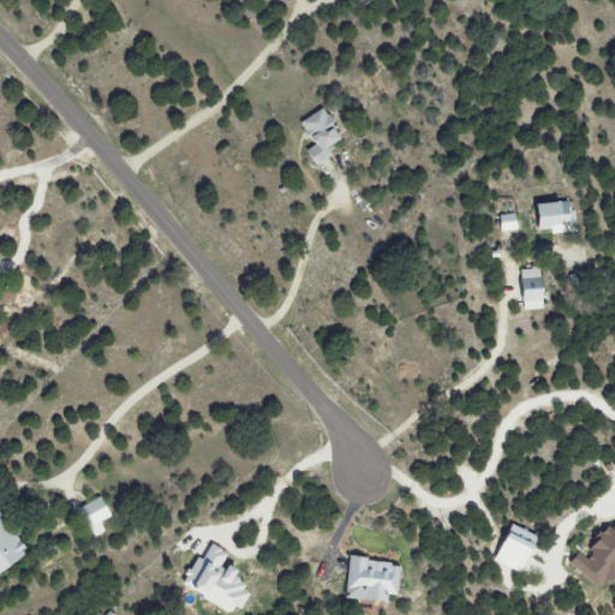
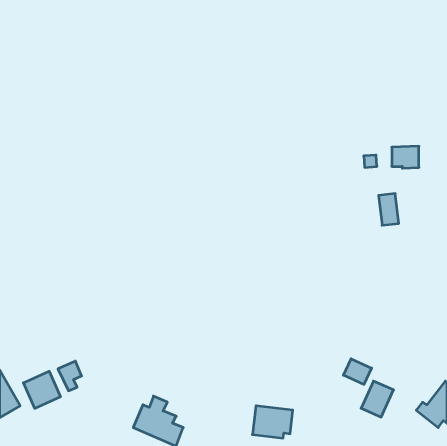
building: [299,106,345,166] -> none
building: none -> [343,359,372,384]
building: none -> [23,371,60,408]

